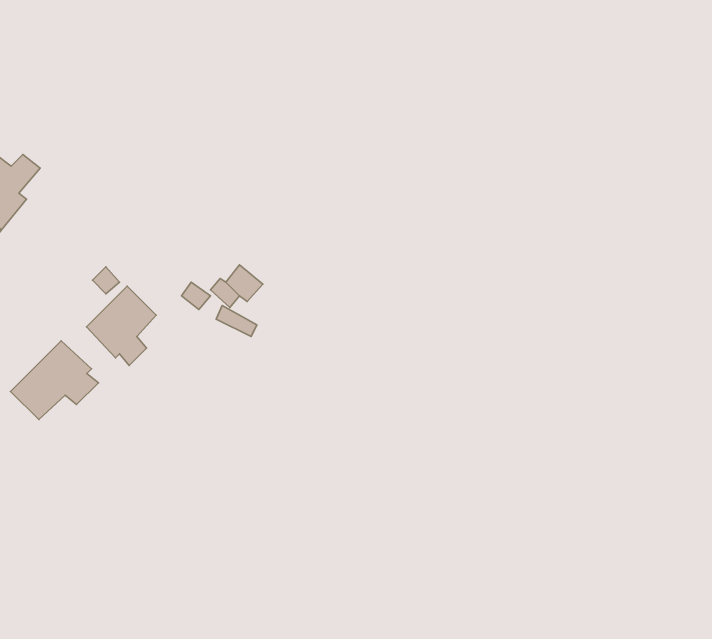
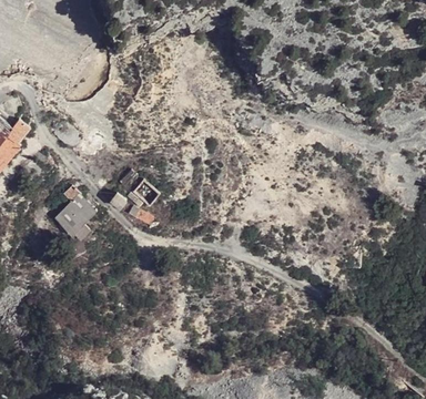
building: [11,341,98,420] -> none

